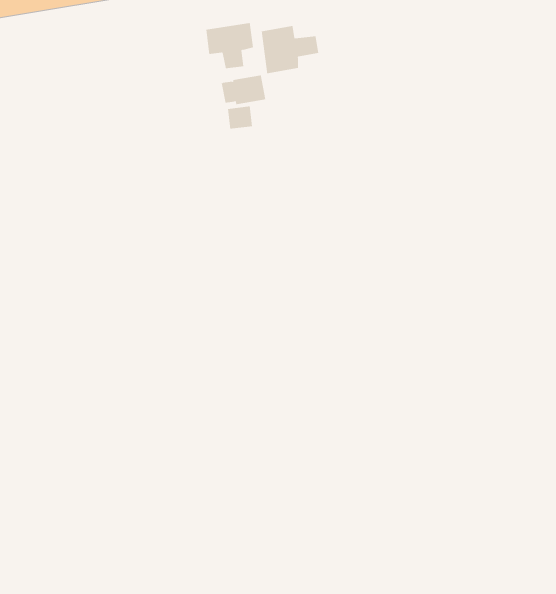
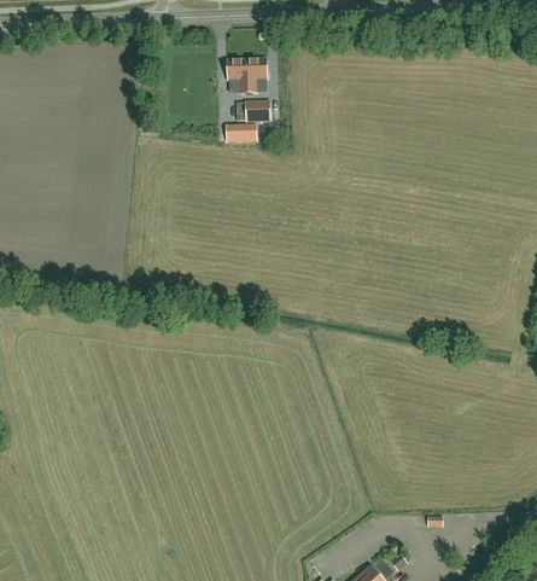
building: [261,25,319,74] -> none

